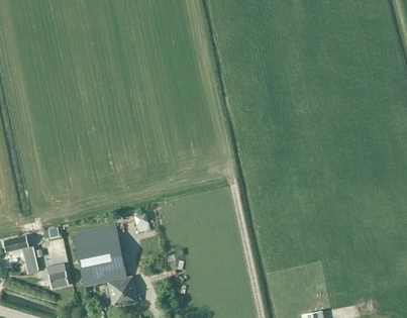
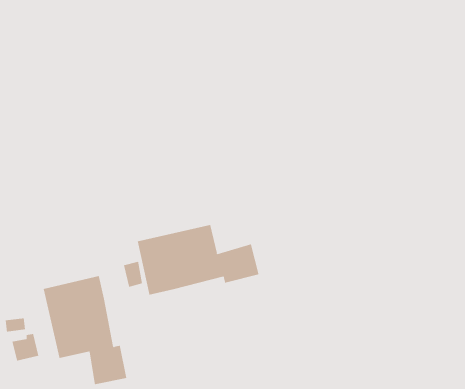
building: none -> [137,224,259,296]

